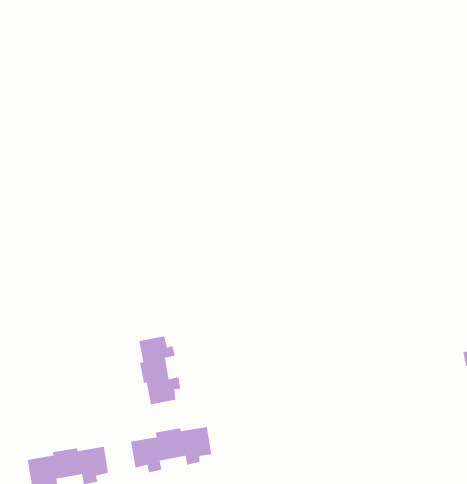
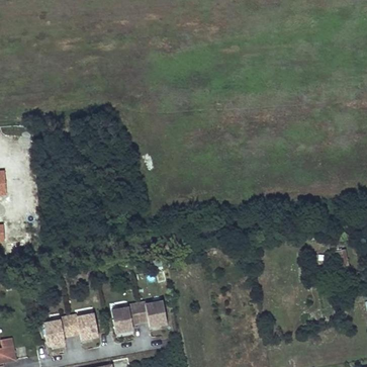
building: [139,336,181,405] -> none

